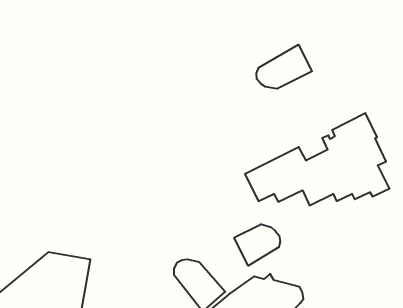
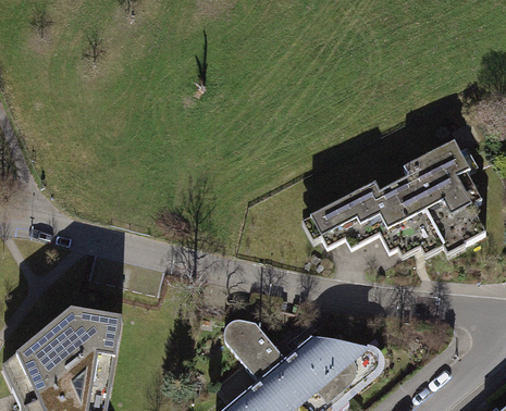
building: [256,45,312,89] -> none
building: [234,224,280,266] -> none

